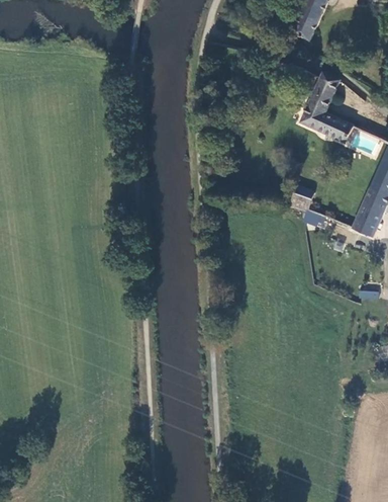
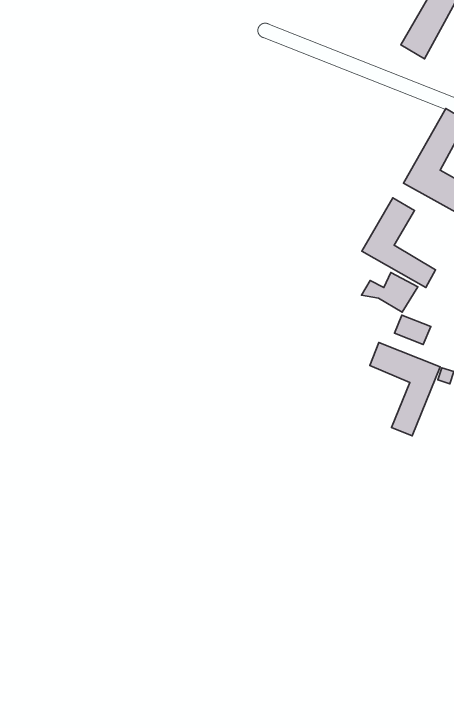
building: none -> [362,198,435,288]
building: none -> [370,342,440,436]

